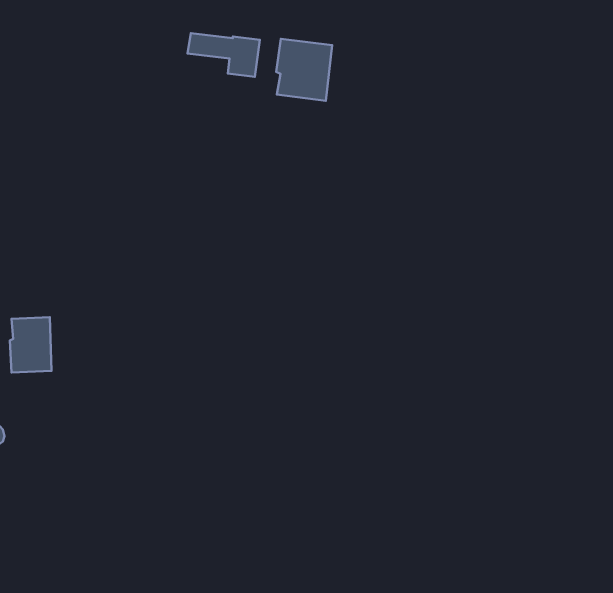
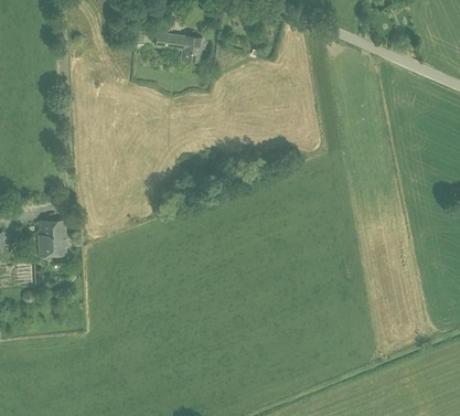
building: [276,39,332,101] -> none

